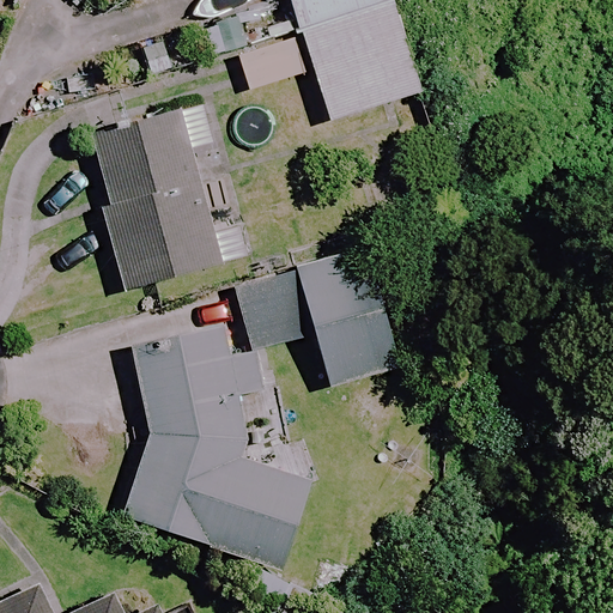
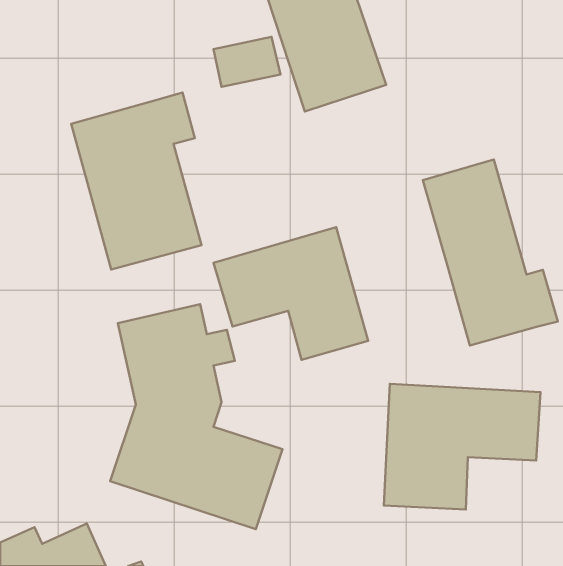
building: none -> [423,160,558,346]
building: none -> [384,384,541,510]

